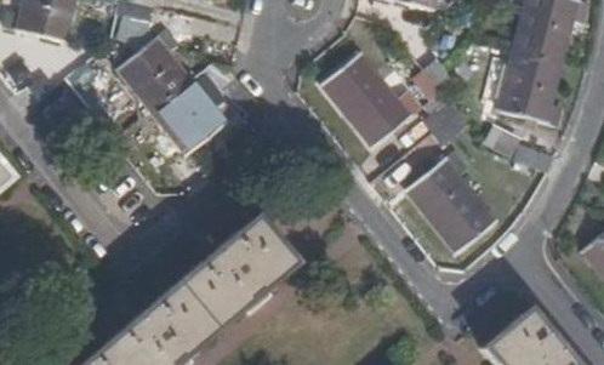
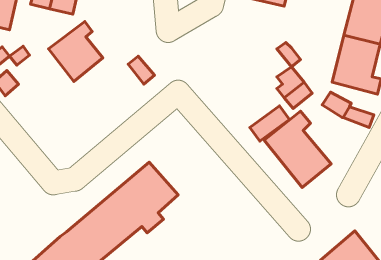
building: [320,52,422,148] -> none
building: [152,79,234,153] -> none

